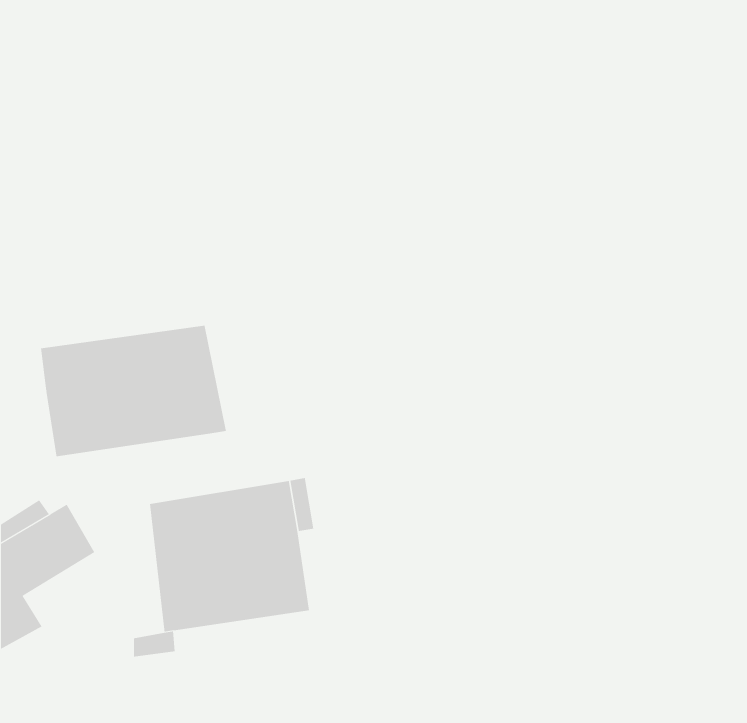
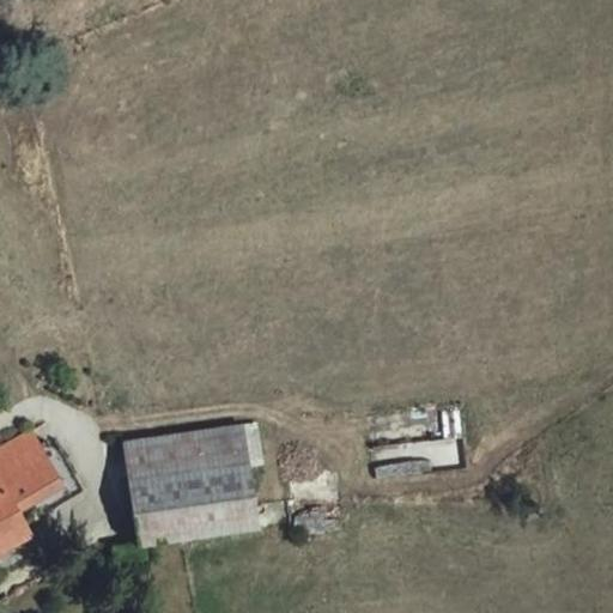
building: [41,325,226,457] -> none

